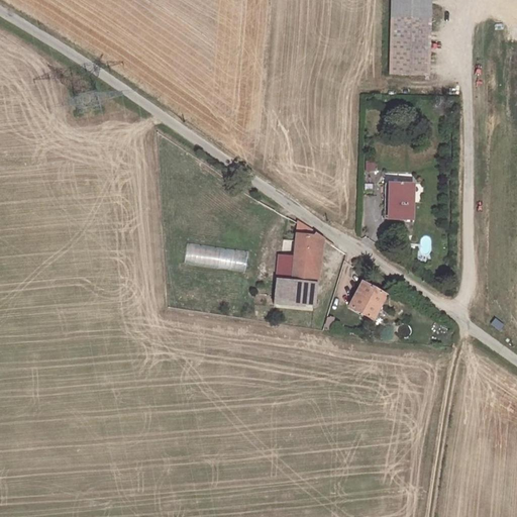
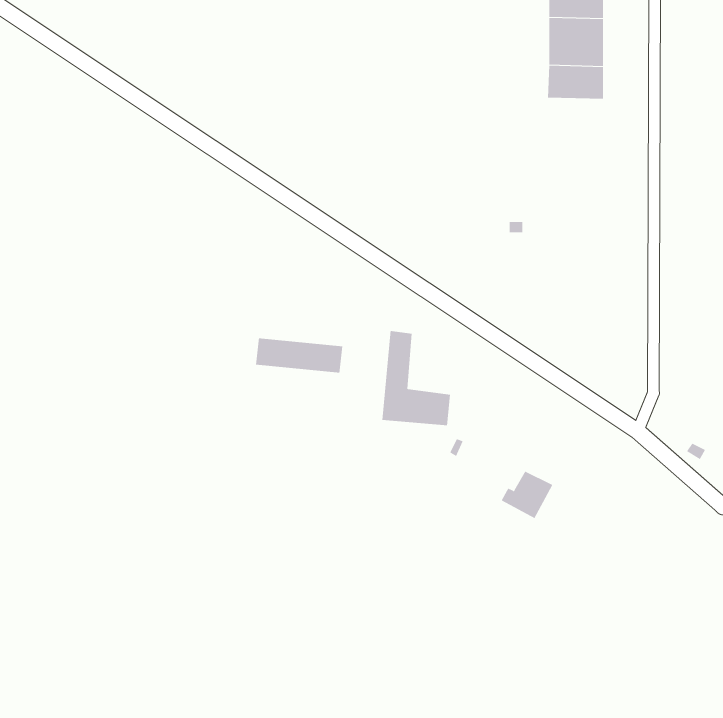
building: [385,186,416,224] -> none
building: [291,216,322,281] -> none
building: [346,283,384,317] -> [501,471,553,519]

